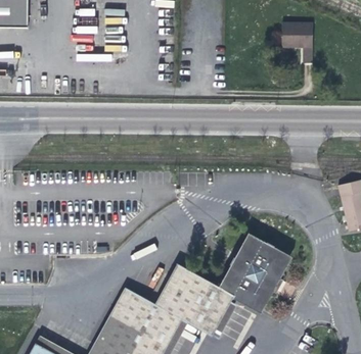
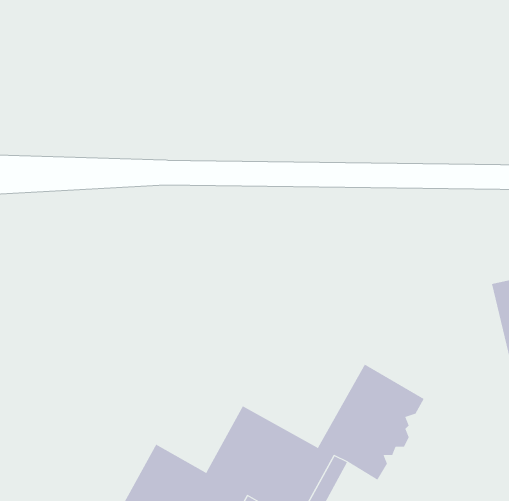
building: [283,23,313,63] -> none

